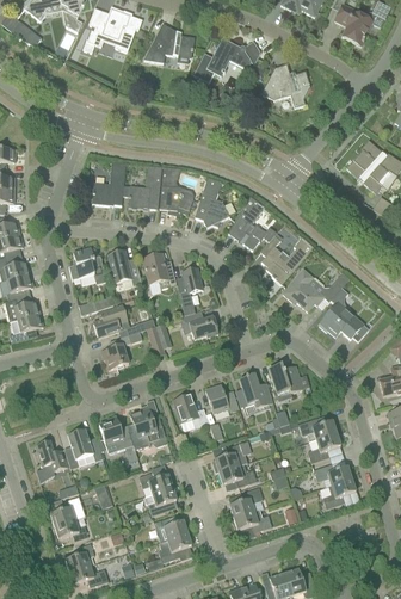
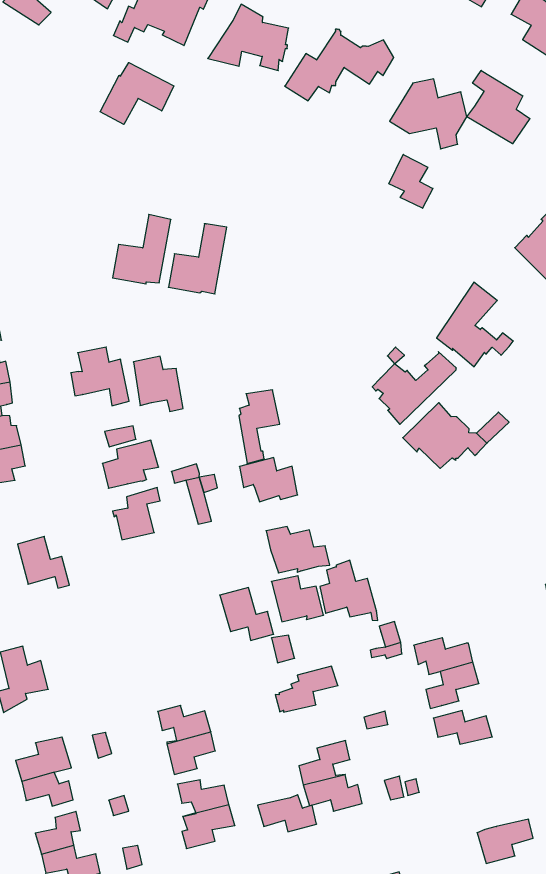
building: none -> [467,70,530,144]
building: none -> [100,63,174,124]
building: none -> [389,154,433,208]
building: [160,167,195,215] -> none
building: [195,177,230,227] -> none
building: [228,196,277,249] -> [437,282,513,367]
building: [143,253,177,289] -> none
building: [319,302,369,340] -> none
building: [269,364,310,394] -> [266,527,330,573]
building: [130,408,166,446] -> none
building: [99,415,134,453] -> none
building: [68,428,103,461] -> [18,536,69,588]
building: [218,463,257,487] -> [258,795,317,832]
building: [320,478,356,508] -> [477,819,533,863]

